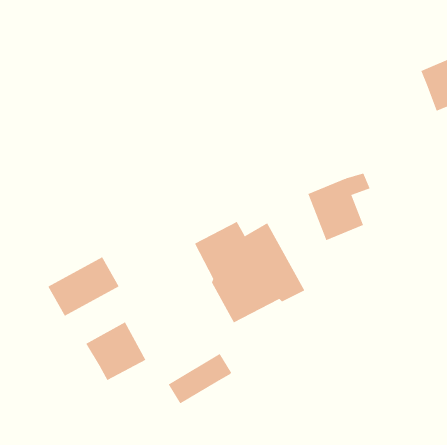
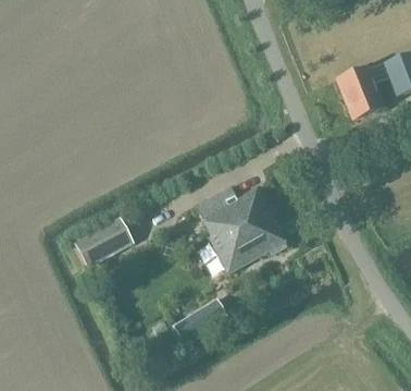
building: [308,173,370,241] -> [337,62,389,119]
building: [85,322,146,381] -> none

